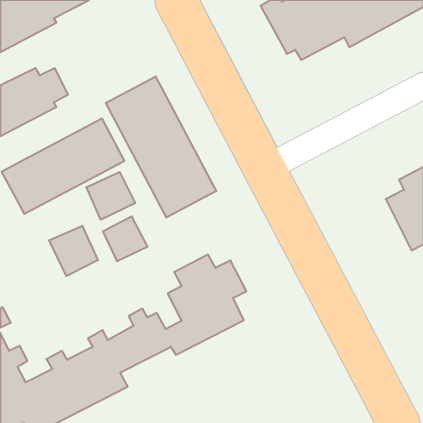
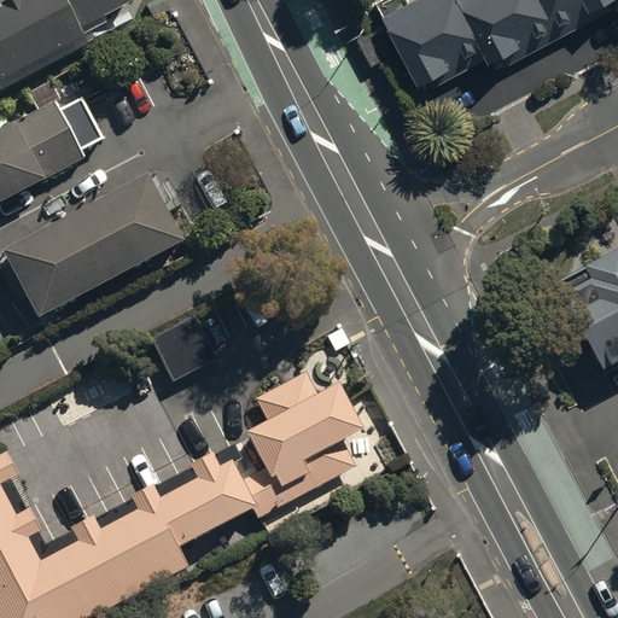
building: [106,76,216,218] -> none
building: [86,172,135,220] -> none
building: [49,226,98,276] -> none

